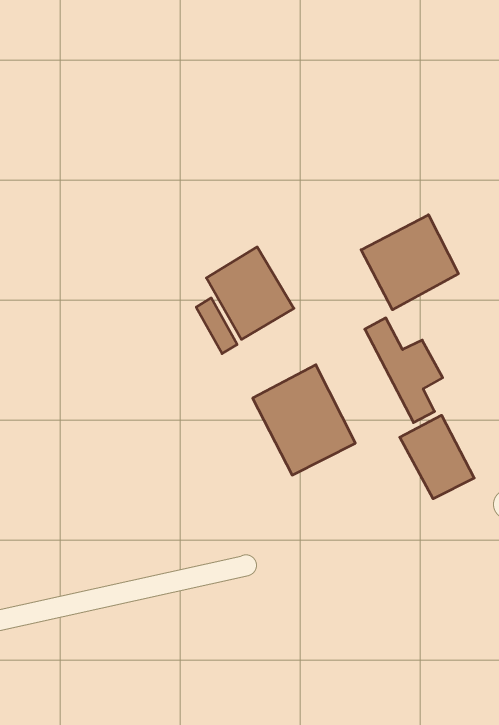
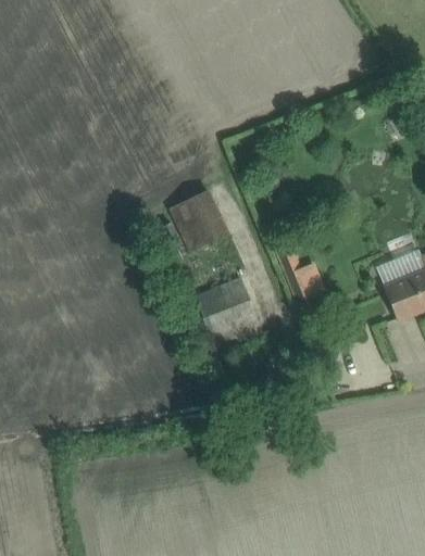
building: [361,215,458,310] -> none
building: [400,415,474,499] -> none

